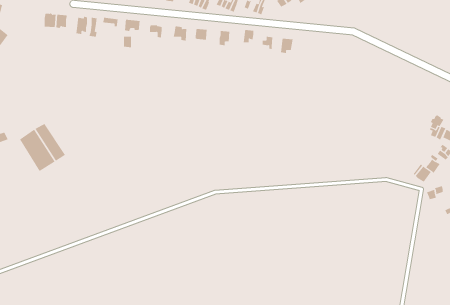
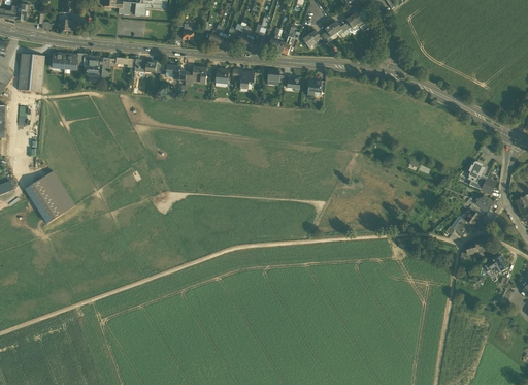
building: none -> [18,53,44,91]

